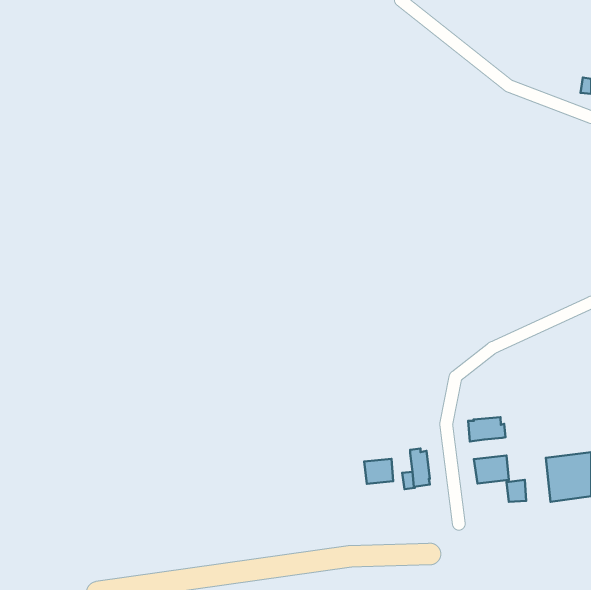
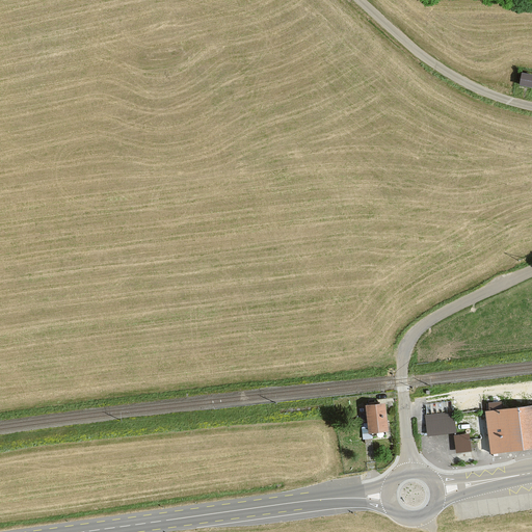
building: [468,417,506,441] -> none
building: [364,459,393,484] -> none

